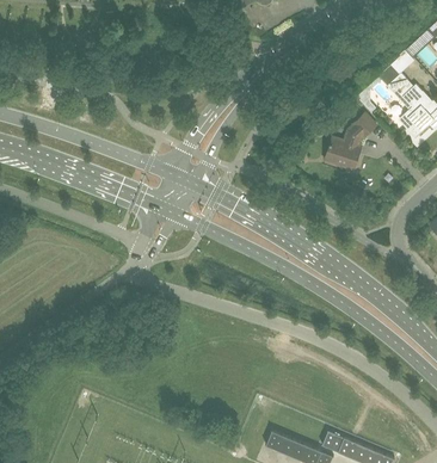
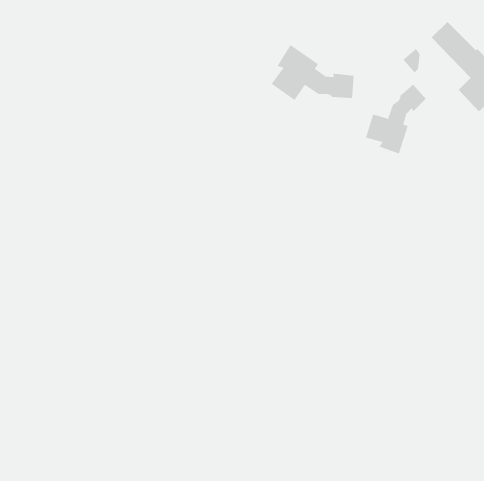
building: none -> [271,44,354,101]

